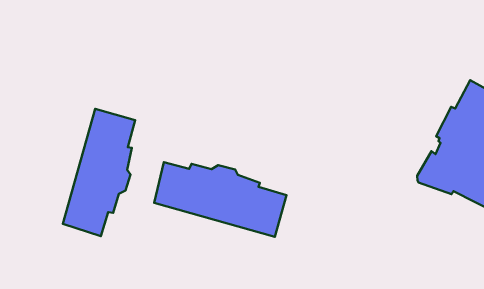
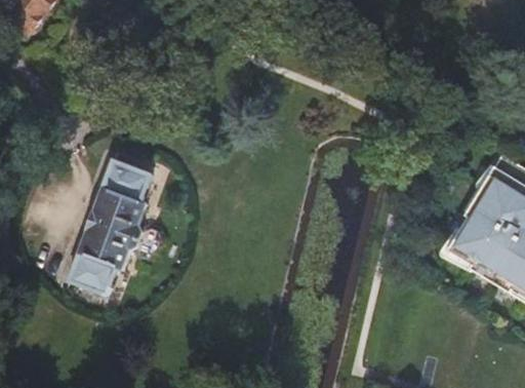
building: [154,162,287,237] -> none

